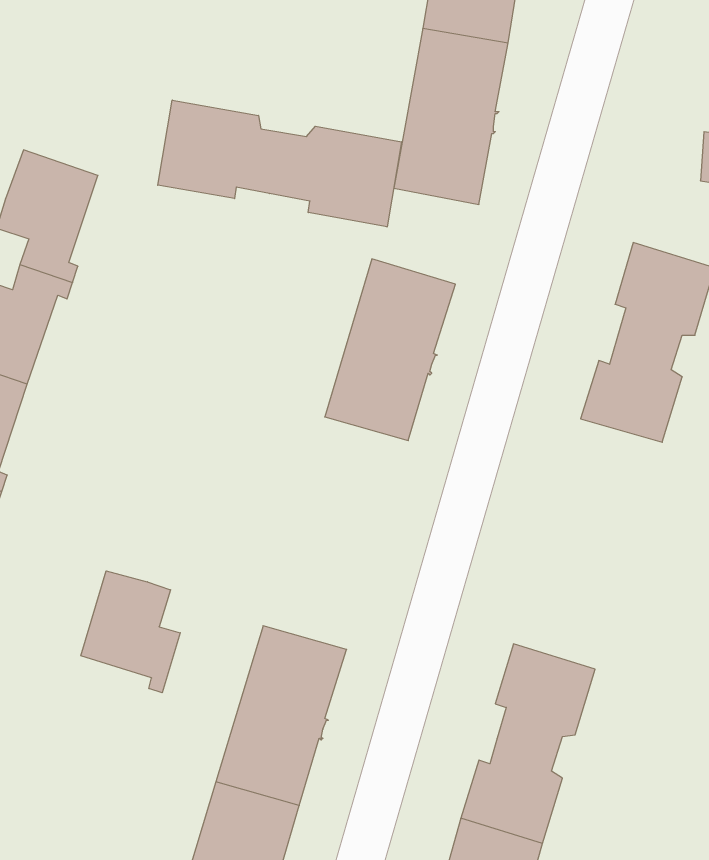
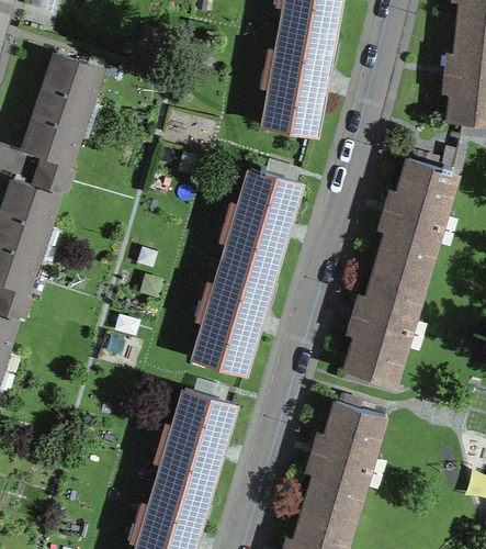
building: none -> [38,54,100,117]
building: [158,100,402,227] -> none
building: none -> [192,264,271,373]
building: none -> [343,265,425,384]
building: [81,571,180,693] -> none

